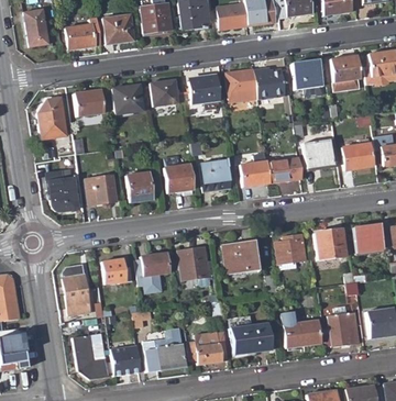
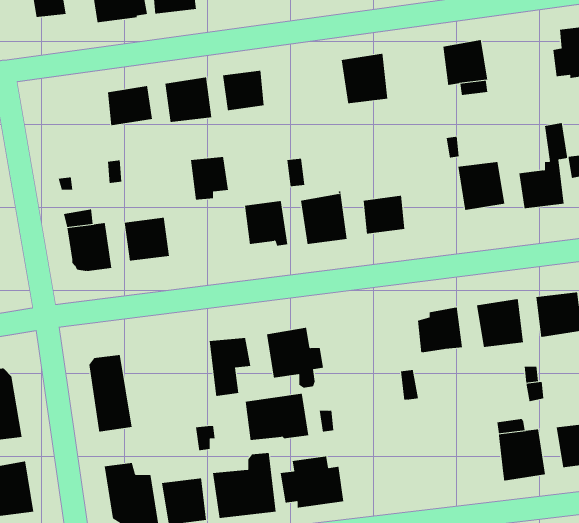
building: [330,55,360,90] -> none
building: [254,67,286,99] -> none
building: [188,74,219,103] -> none
building: [36,97,66,138] -> none
building: [266,158,290,182] -> none
building: [126,172,152,201] -> [190,156,229,200]
building: [222,240,258,271] -> none
building: [102,258,132,283] -> none
building: [282,310,320,347] -> none
building: [230,322,272,353] -> [245,393,309,441]

